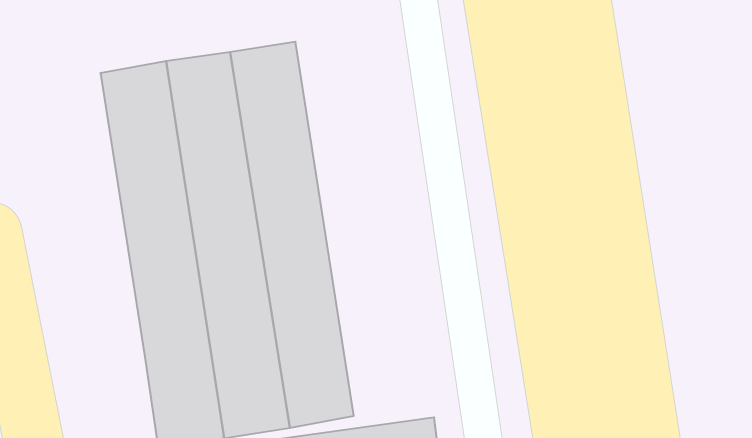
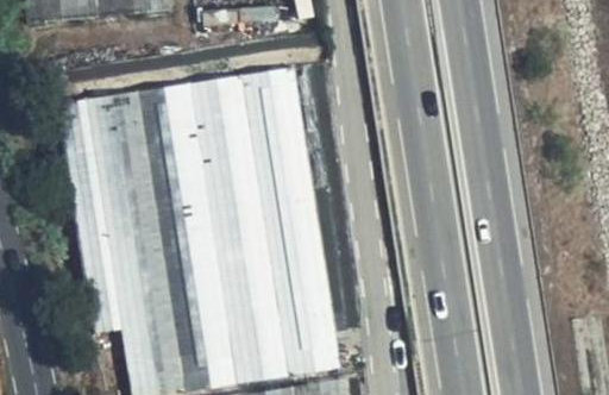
building: none -> [241,69,339,375]
building: none -> [59,101,121,334]

